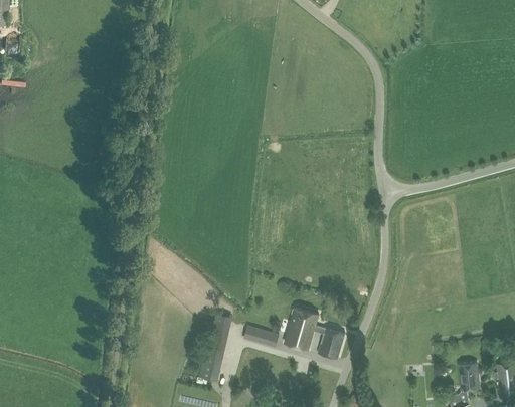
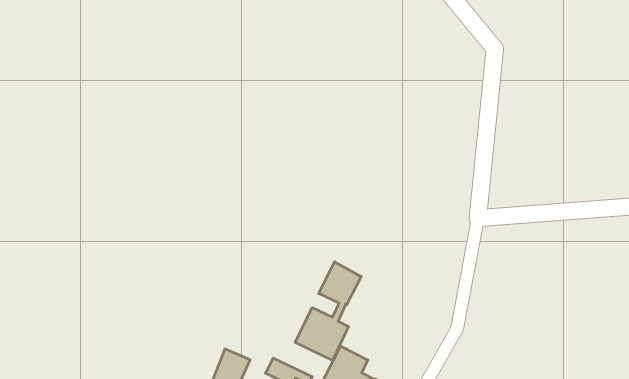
building: none -> [295,262,361,360]

